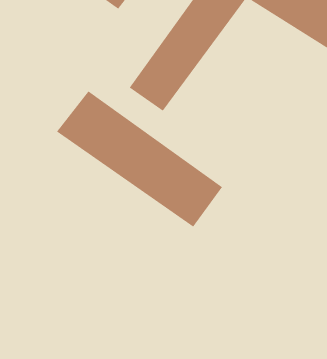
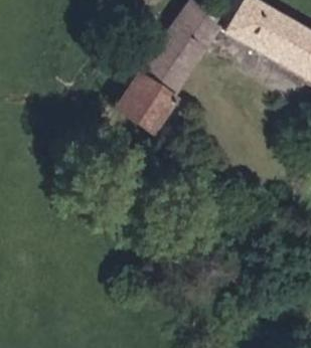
building: [56,90,223,227] -> none

